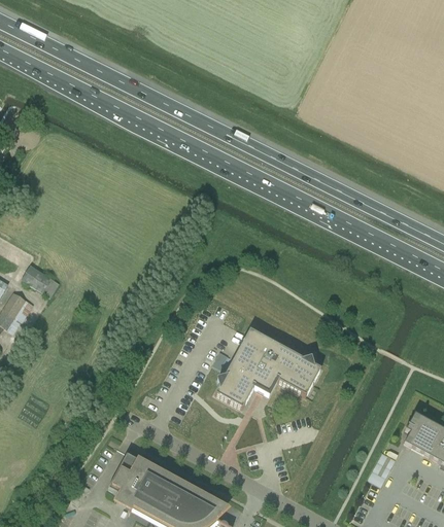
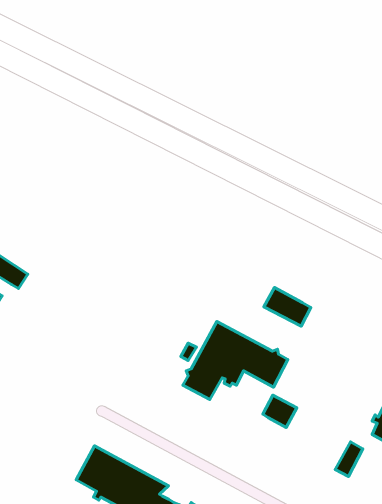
building: none -> [264,288,311,326]
building: none -> [263,395,297,428]

